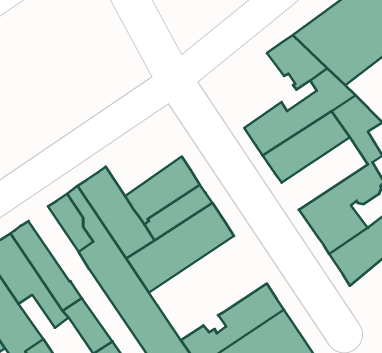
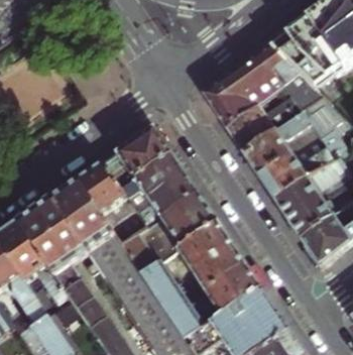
building: none -> [202,61,271,127]
building: none -> [102,126,169,188]
building: none -> [258,135,335,200]
building: none -> [33,197,87,263]
building: none -> [140,223,245,316]

